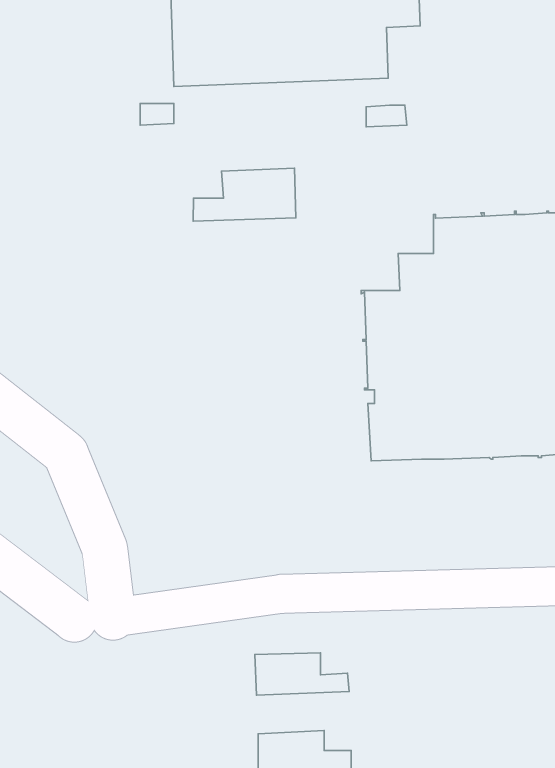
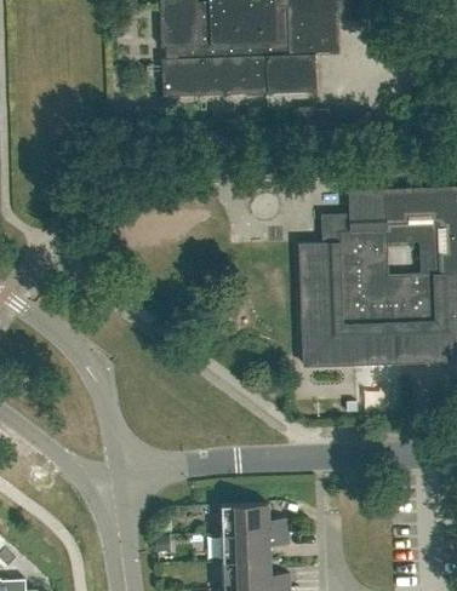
building: [193,168,296,221] -> none
building: none -> [222,532,289,562]

